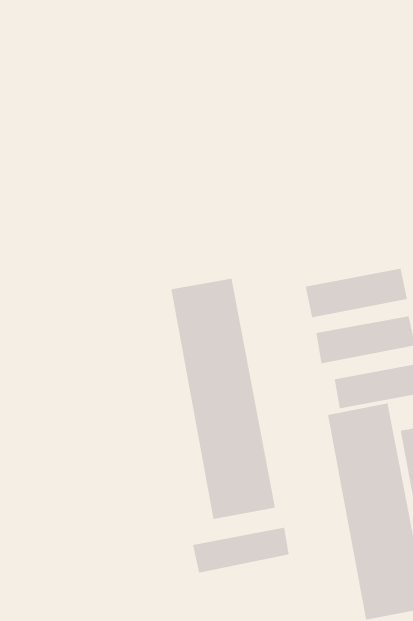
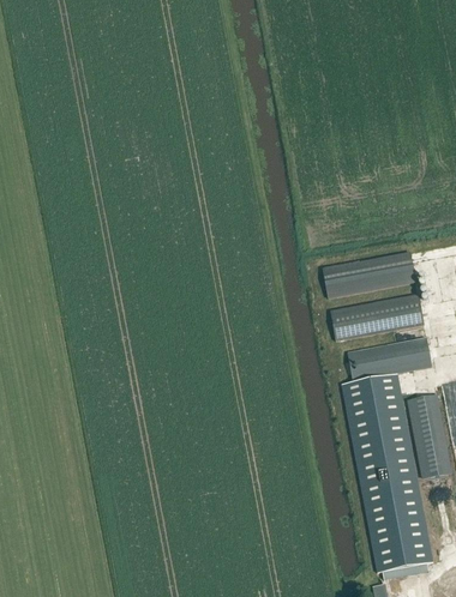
building: [170,278,276,520] -> none
building: [192,527,289,573] -> none

